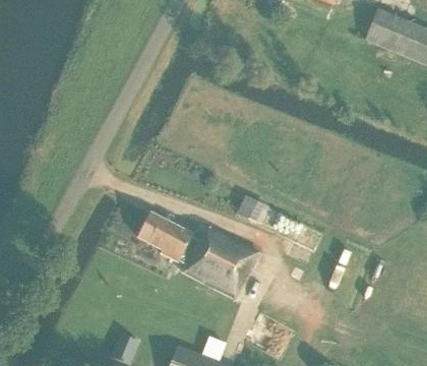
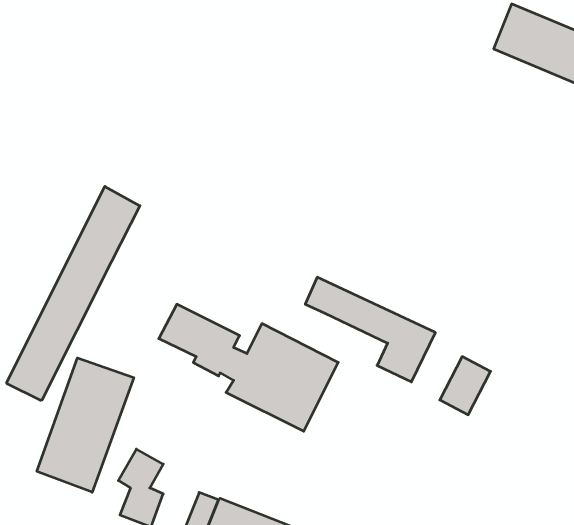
building: none -> [7,186,140,400]
building: none -> [37,358,134,492]

